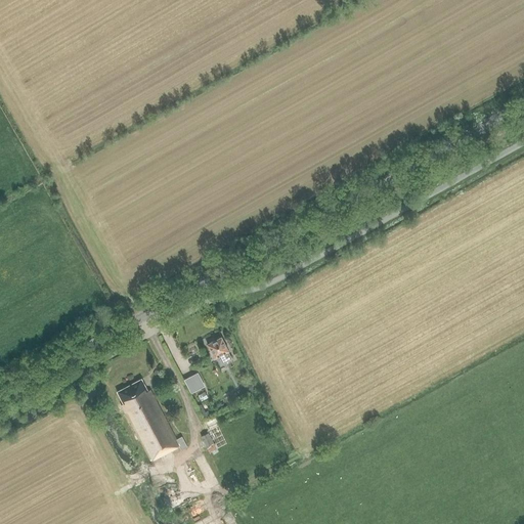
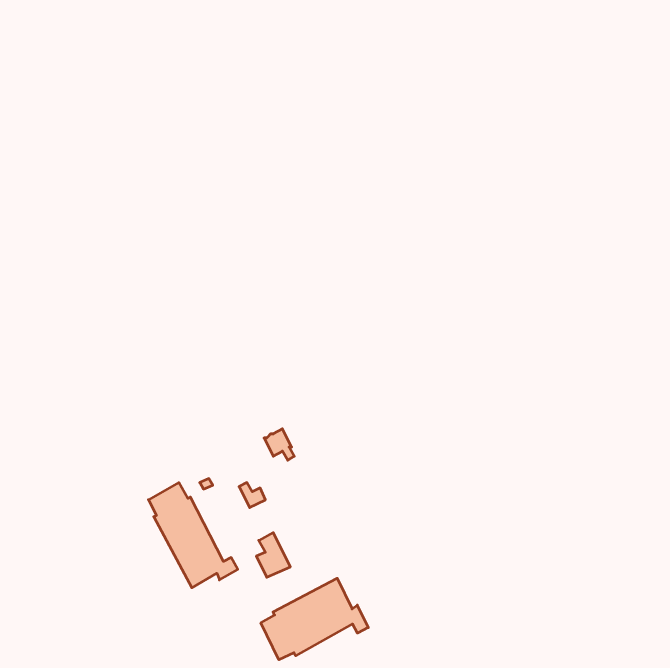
building: none -> [261,578,368,660]

